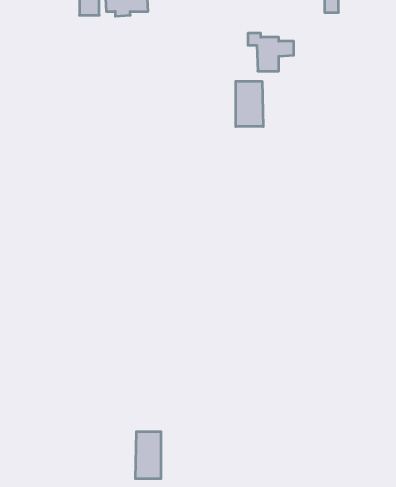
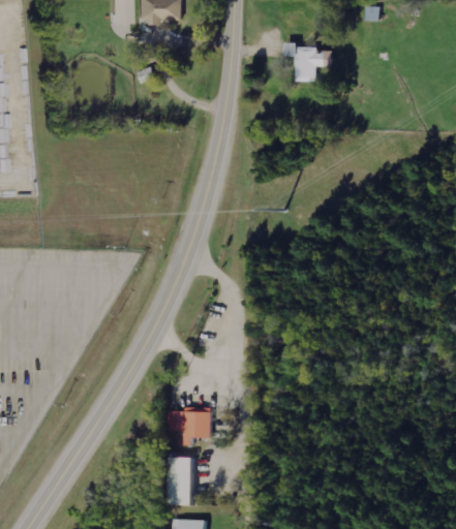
building: [236,81,263,127] -> none
building: none -> [169,409,211,444]

